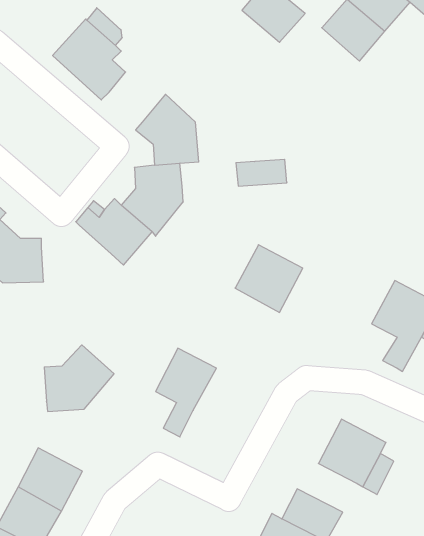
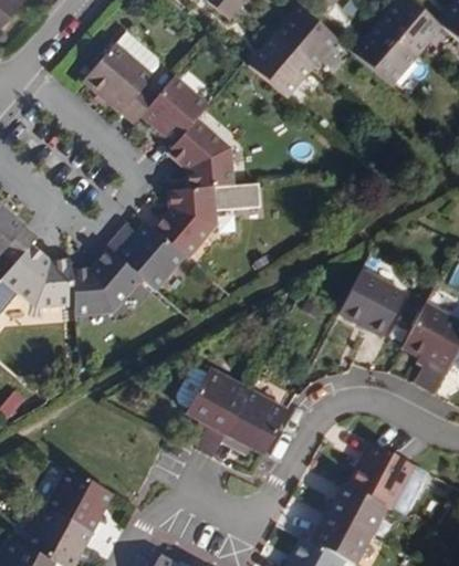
building: none -> [248,34,311,96]
building: none -> [140,76,207,146]
building: [236,159,287,186] -> [211,184,262,210]
building: [235,245,303,312] -> [340,270,407,337]
building: [44,345,114,411] -> [73,249,143,315]
building: none -> [225,391,286,454]
building: none -> [328,483,388,535]

